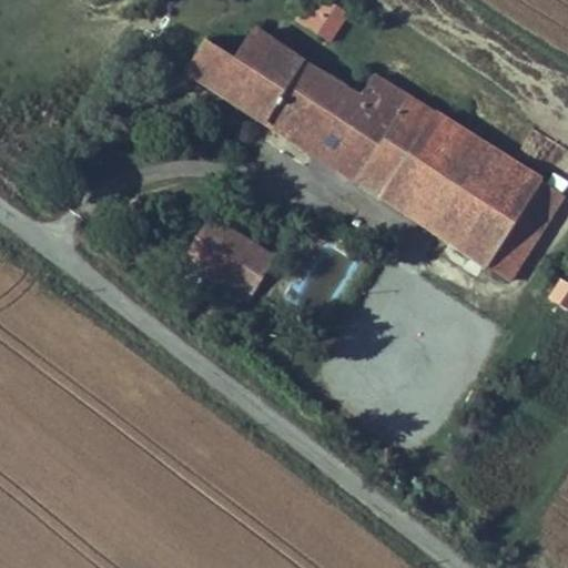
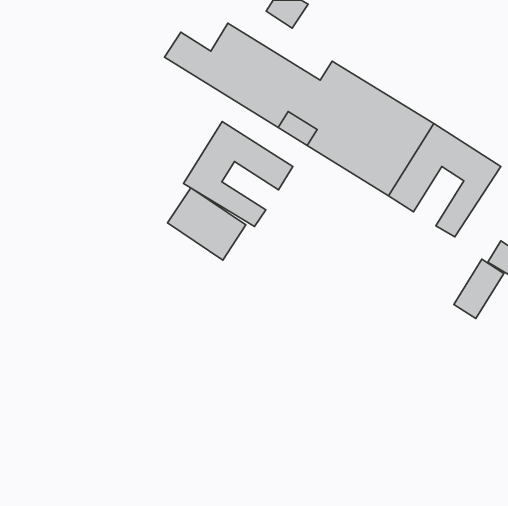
building: none -> [184,122,293,226]
building: [463,192,518,257] -> [454,259,504,319]

